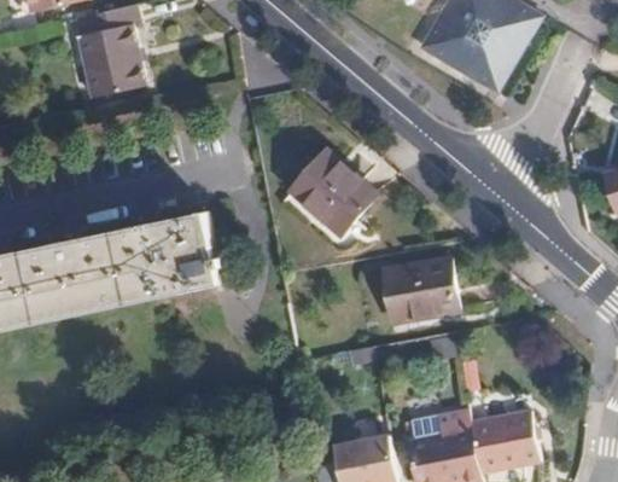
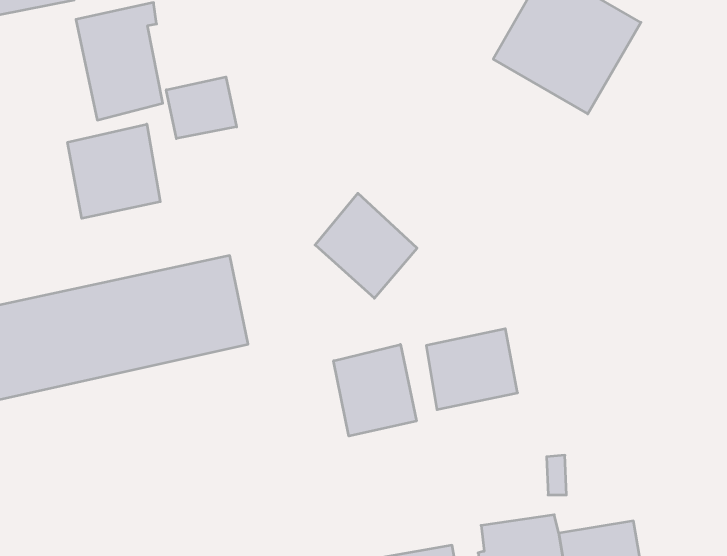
building: none -> [166,77,237,139]
building: none -> [68,124,160,218]
building: none -> [334,344,416,436]

